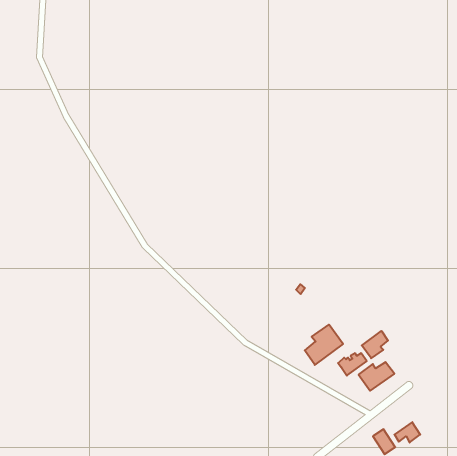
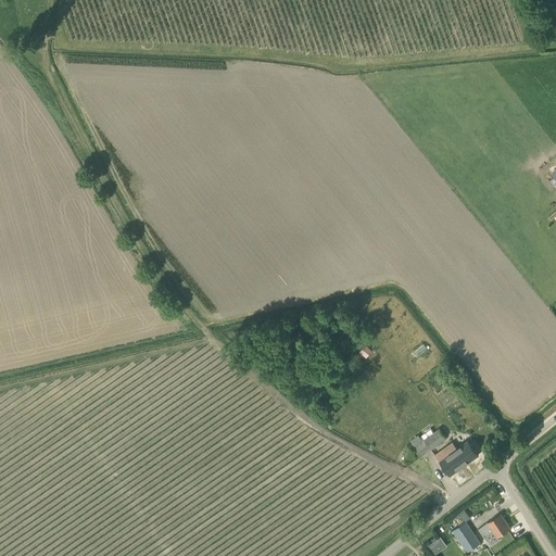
building: [305,325,343,365] -> none
building: [362,331,388,358] -> none

